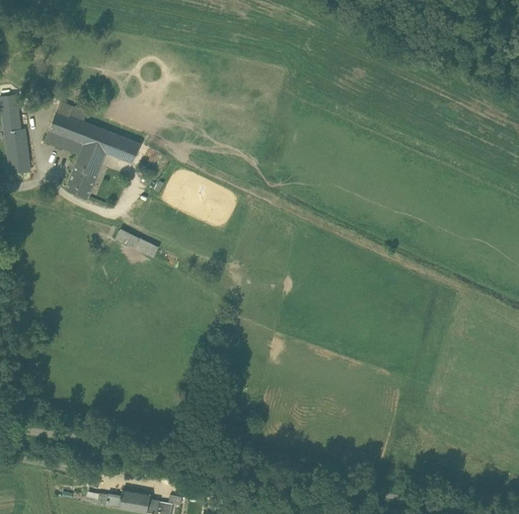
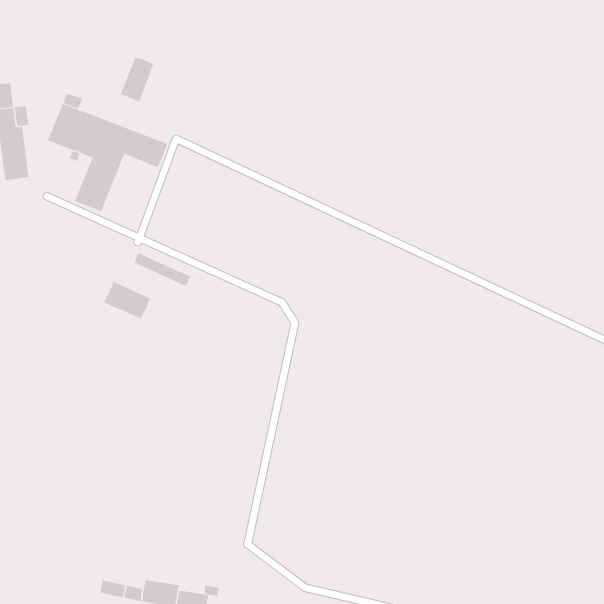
building: none -> [120,57,154,102]
building: none -> [103,281,150,319]

